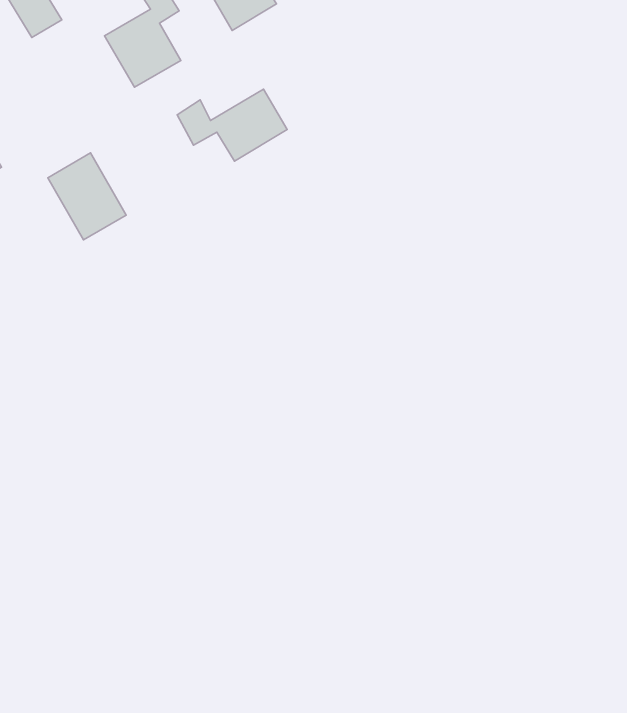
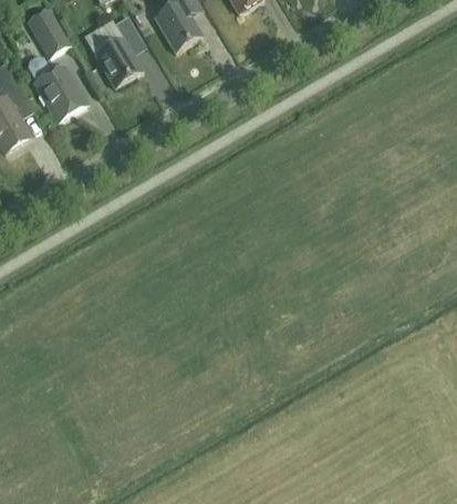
building: [177,89,287,161] -> none
building: [48,153,126,240] -> [35,64,84,118]

